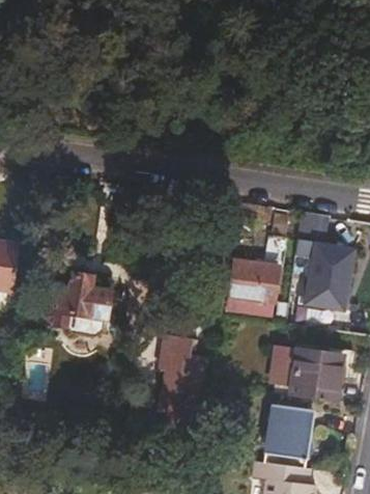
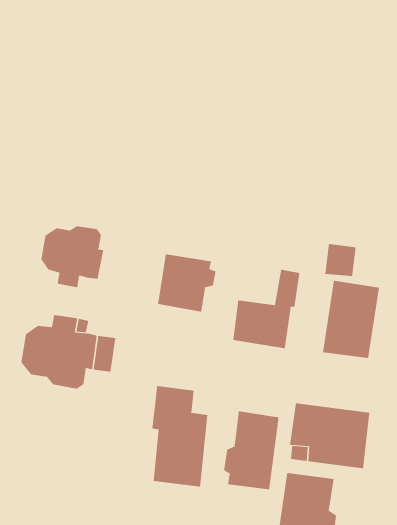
building: none -> [41,226,104,288]
building: none -> [157,254,216,313]
building: none -> [223,411,279,490]

